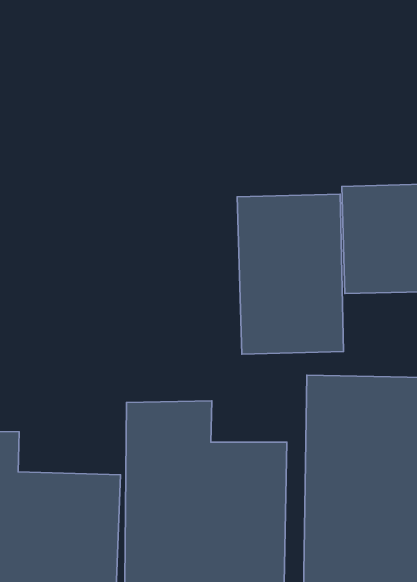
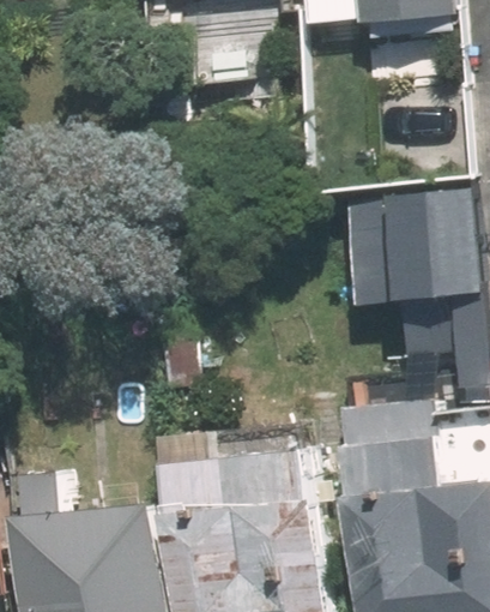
building: [237,194,343,354] -> none

